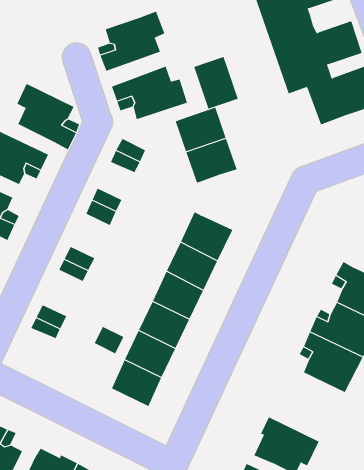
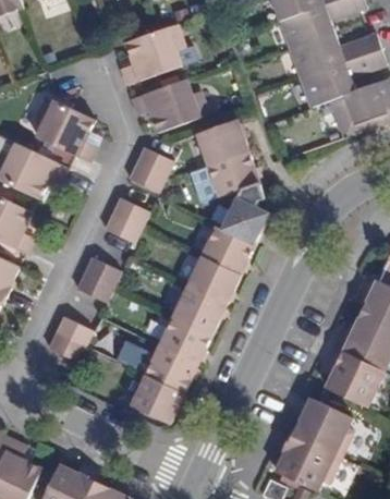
building: [193,56,239,110] -> none
building: none -> [222,182,270,243]
building: none -> [291,397,355,457]

